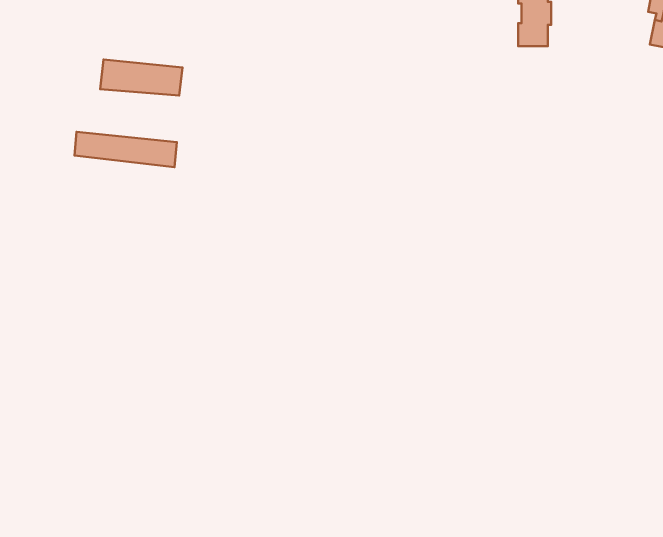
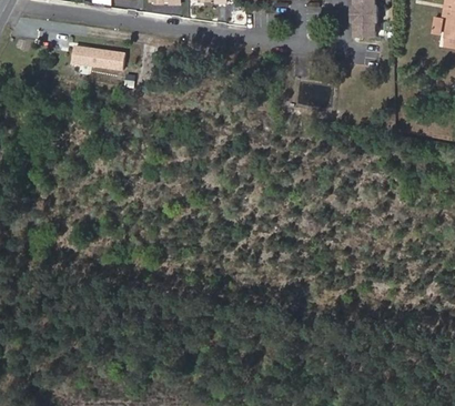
building: [74,132,177,167] -> none

